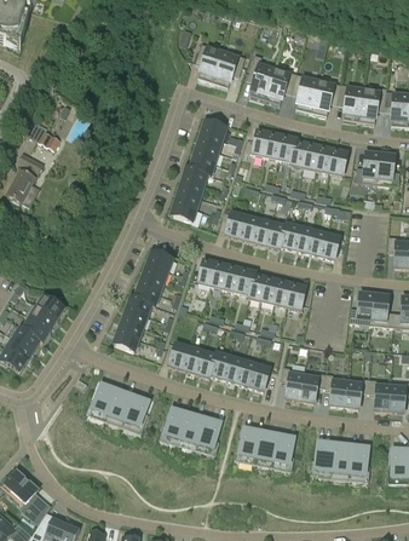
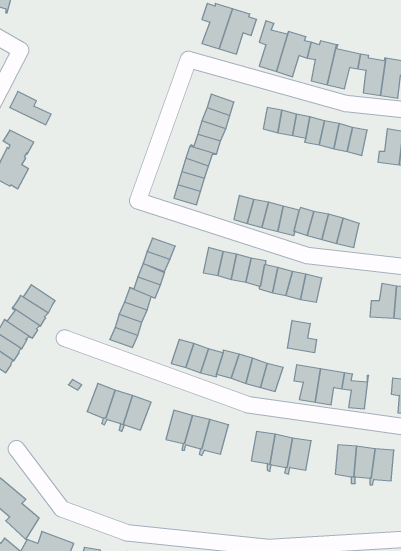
building: none -> [287,320,317,353]
building: [344,375,369,408] -> none

